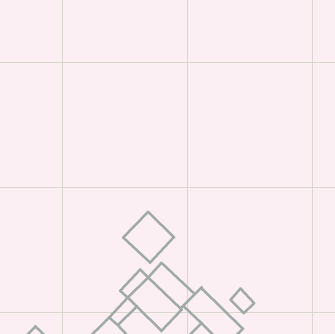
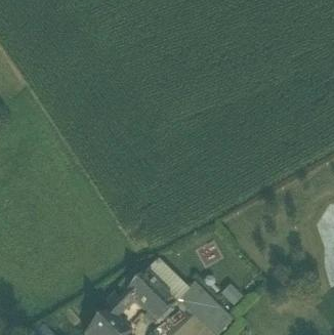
building: [123,212,174,263] -> none

